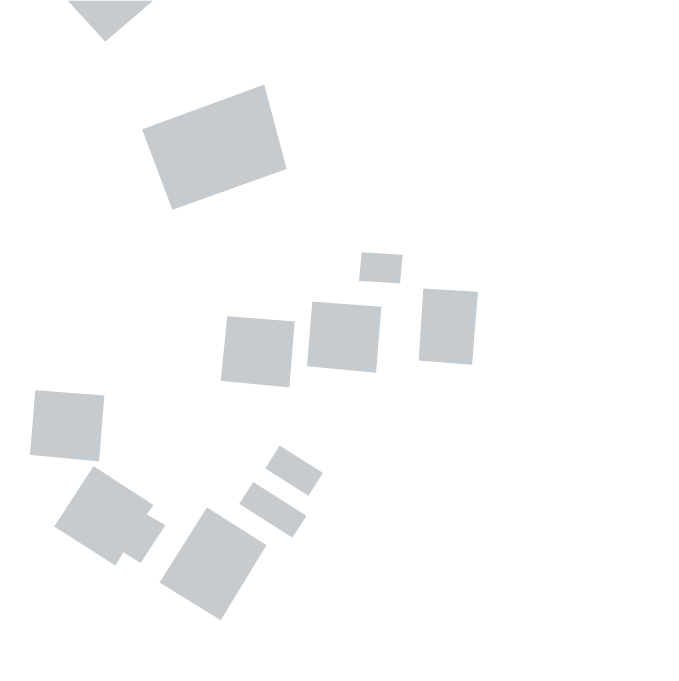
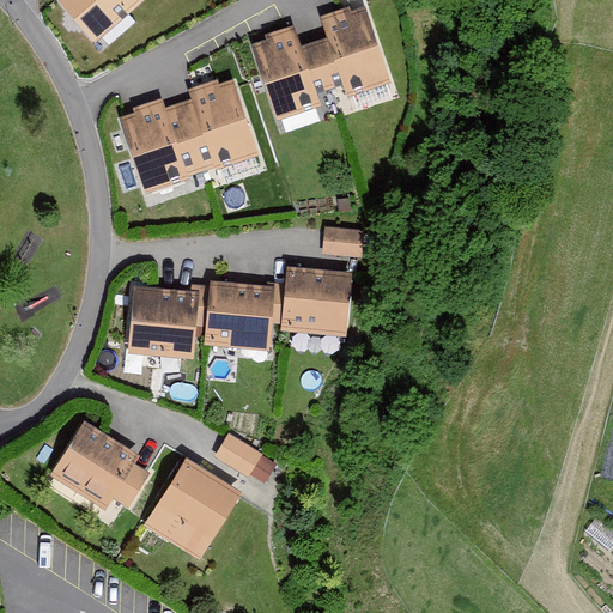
building: none -> [260,7,389,113]
building: [418,288,478,366] -> none
building: [29,390,105,462] -> [119,291,187,356]
building: [264,445,324,497] -> none

